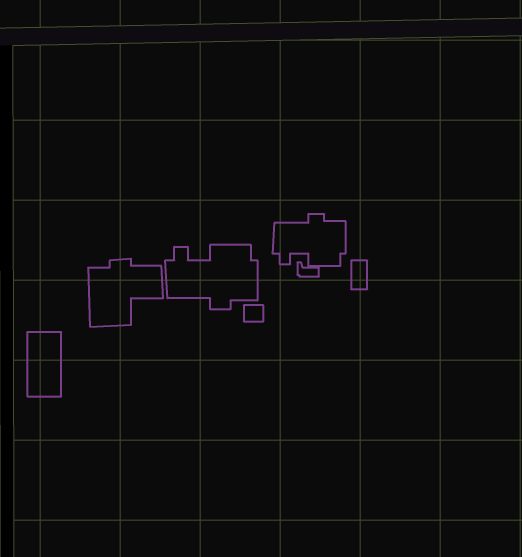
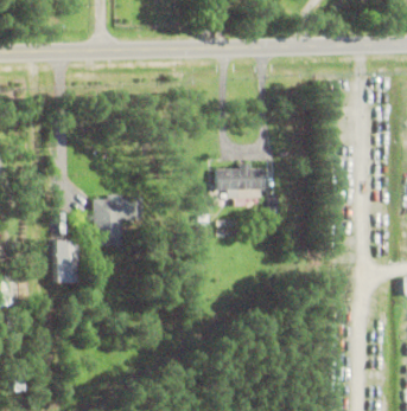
building: [165,245,257,309] -> none

